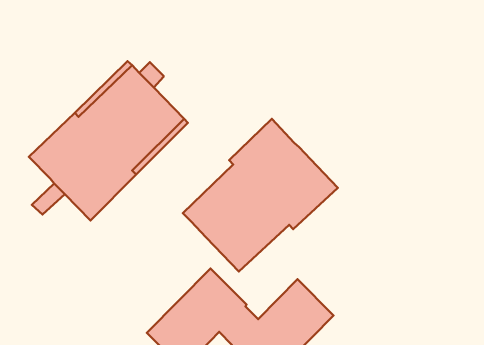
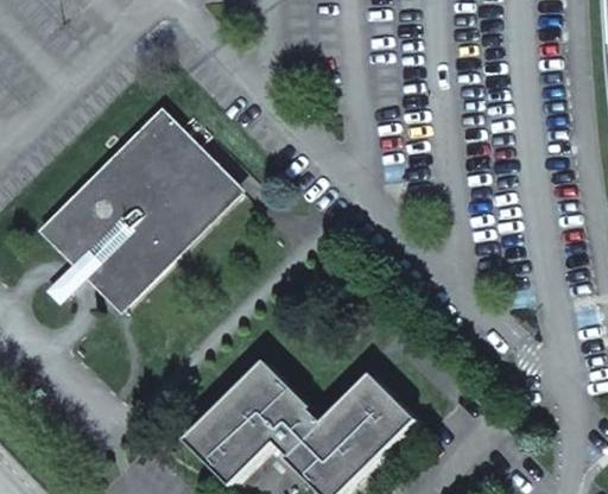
building: [183,119,338,271] -> none

